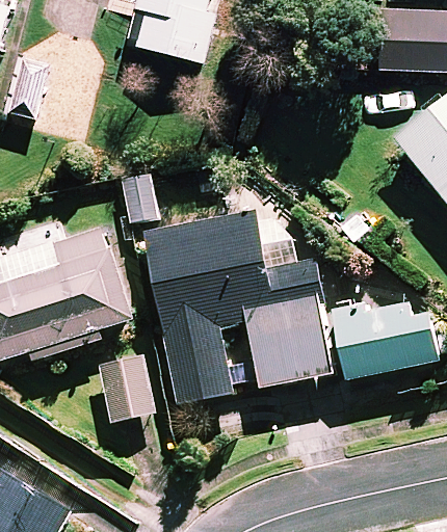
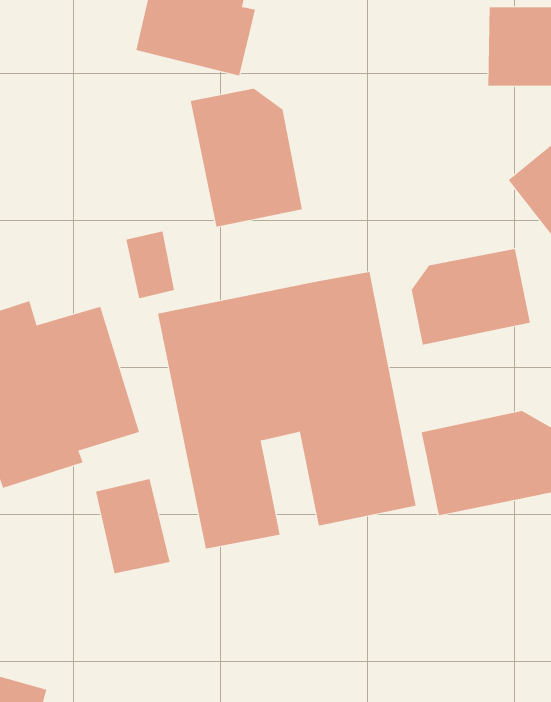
building: none -> [190,88,302,227]
building: none -> [411,248,531,345]

